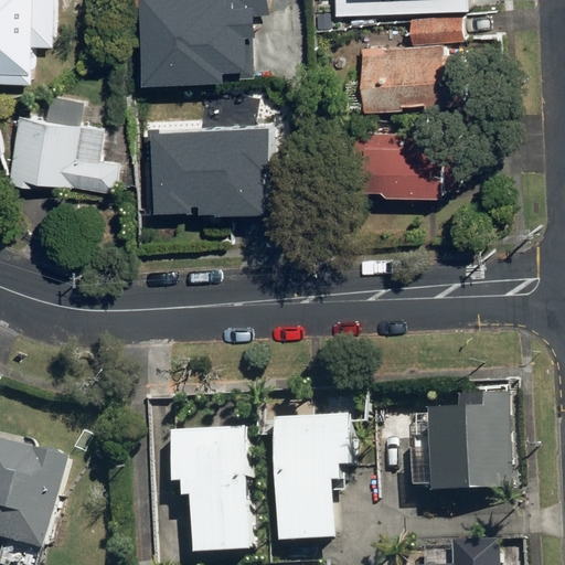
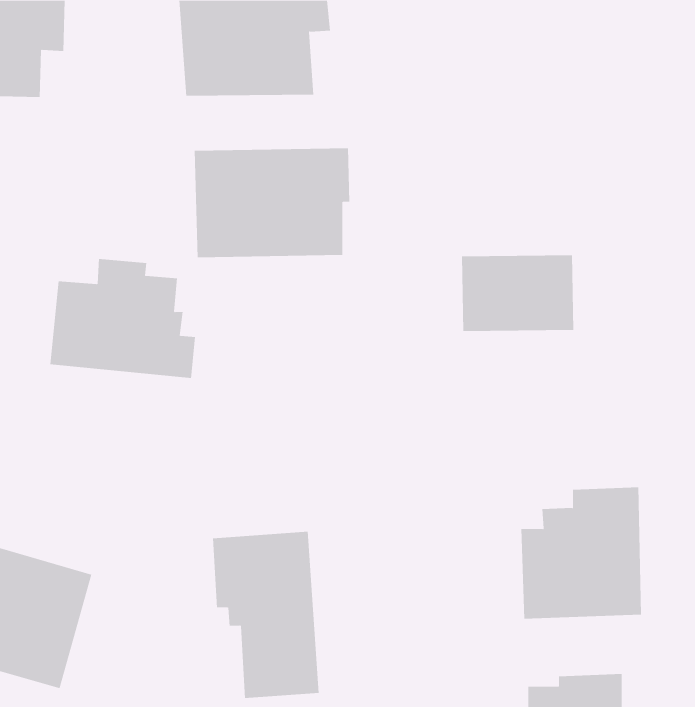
building: [352,13,462,110] -> none
building: [4,97,120,192] -> [49,259,196,379]
building: [358,136,447,196] -> [461,255,574,332]
building: [268,413,355,544] -> none

